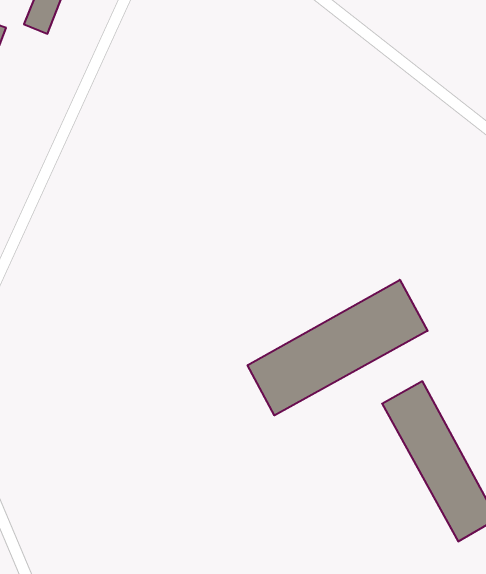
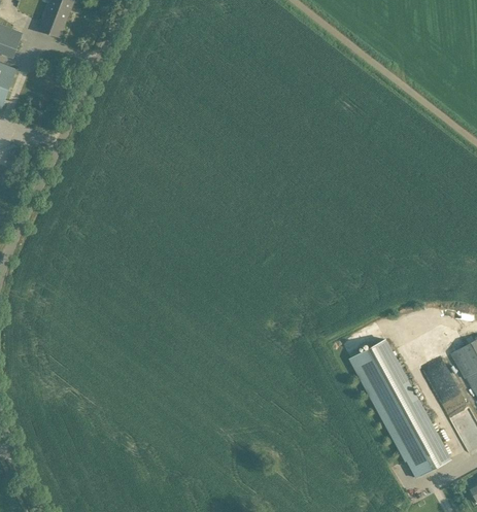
building: [248,280,428,415] -> none

